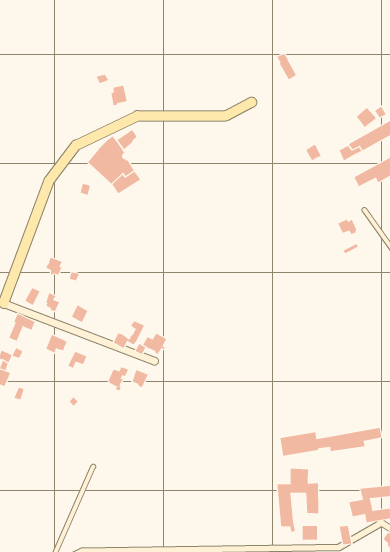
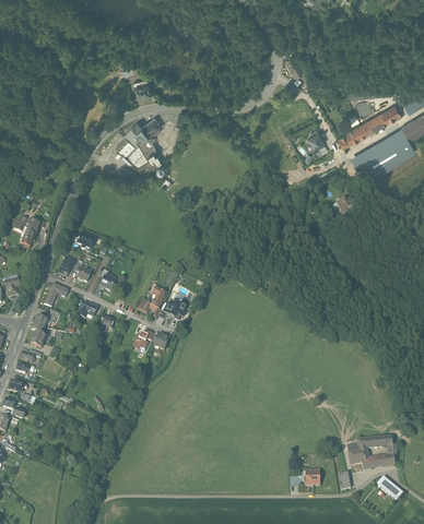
building: [280,427,382,457] -> none
building: [277,468,319,532] -> none

